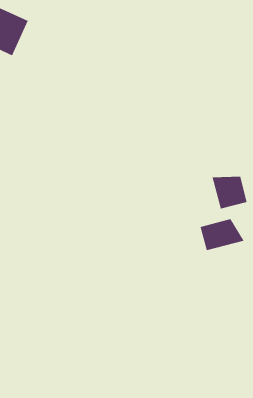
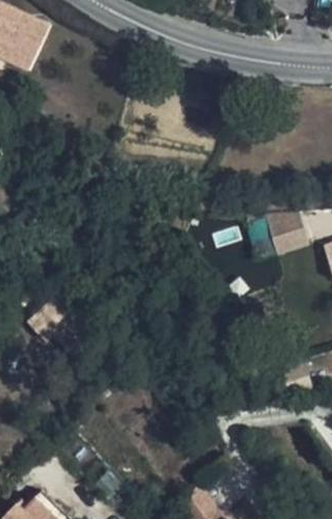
building: [200,218,245,251] -> none

